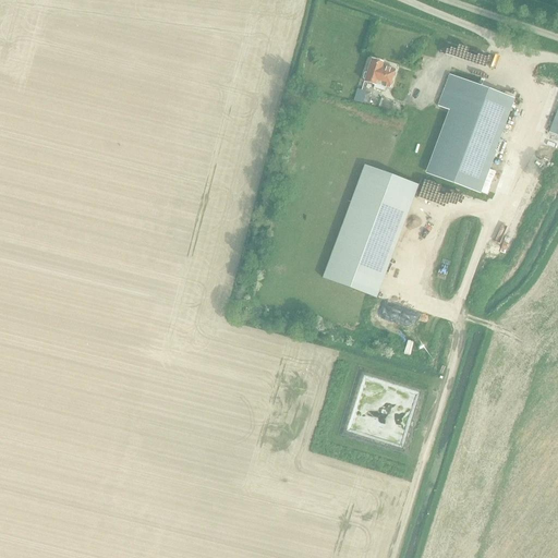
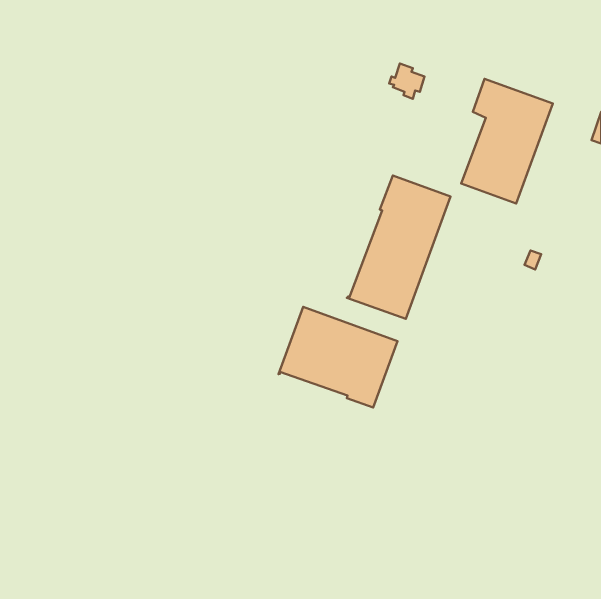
building: none -> [278,307,397,407]

